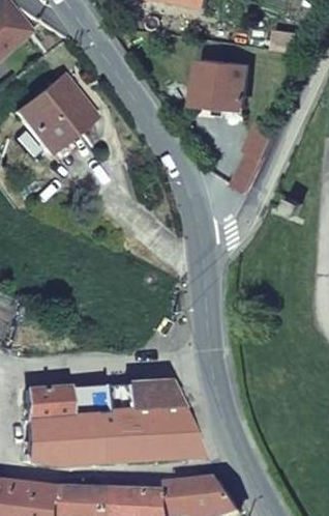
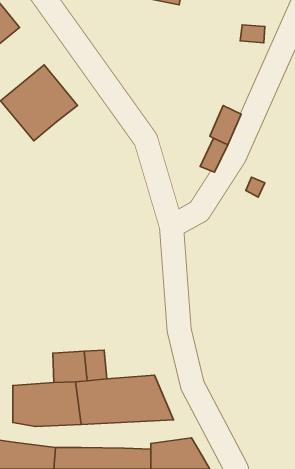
building: [191,59,247,111] -> none
building: [120,383,175,417] -> none
building: [20,389,65,424] -> none

